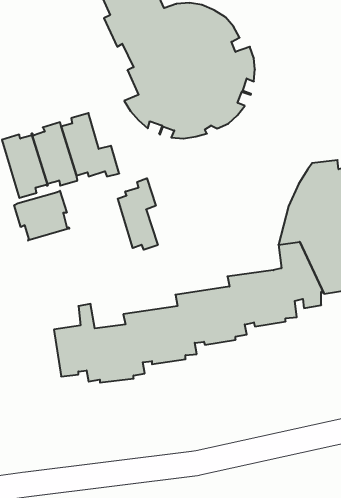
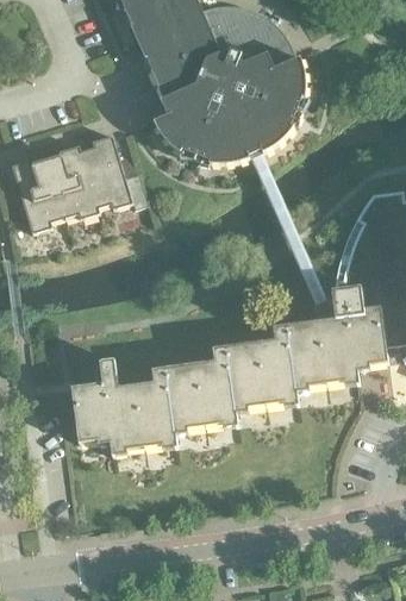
building: [118,178,158,250] -> none
building: [14,191,69,241] -> none

